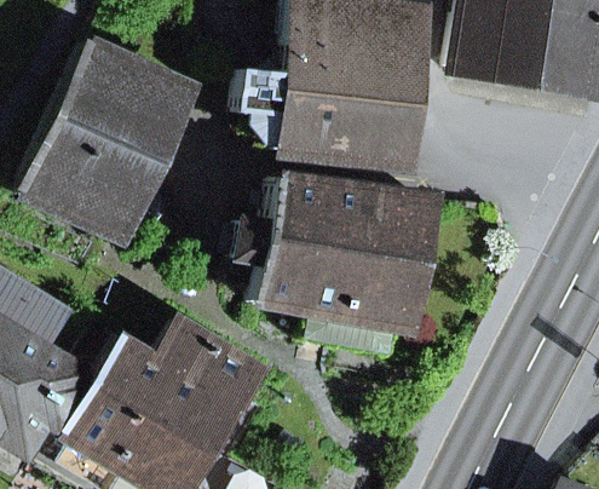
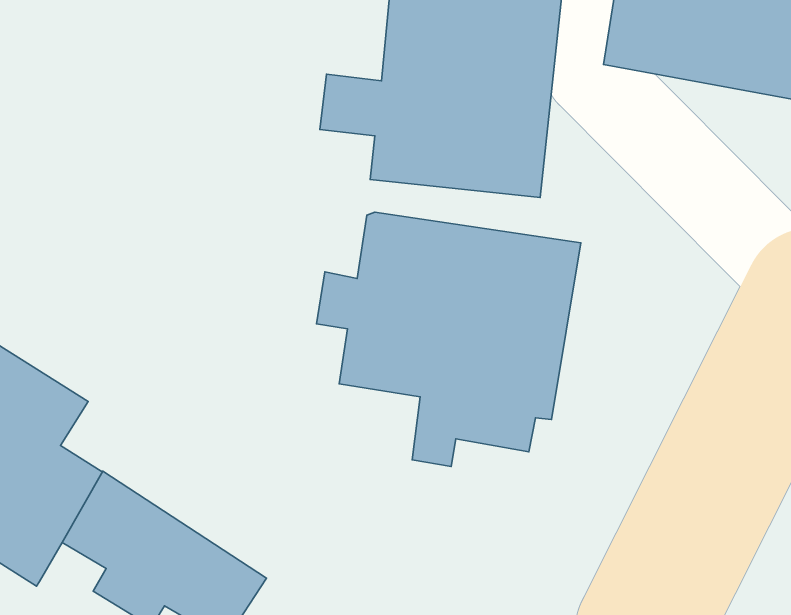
building: [24,44,195,238] -> none
building: [80,322,271,450] -> none

